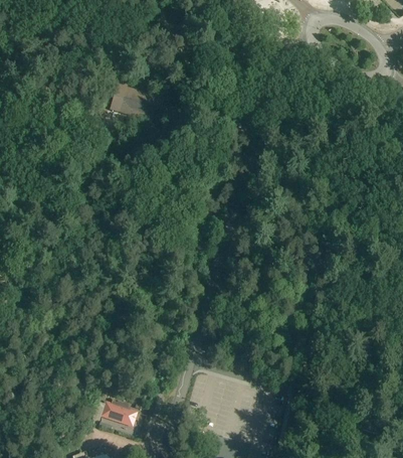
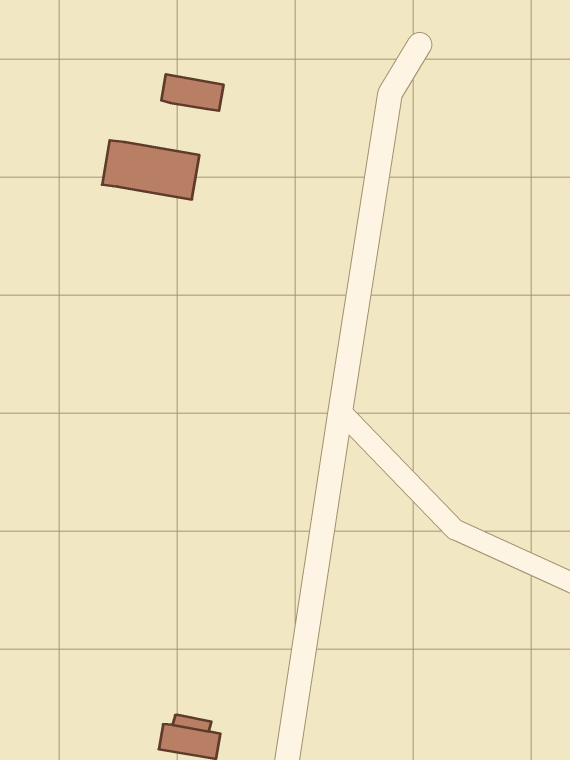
building: none -> [161,74,223,111]

